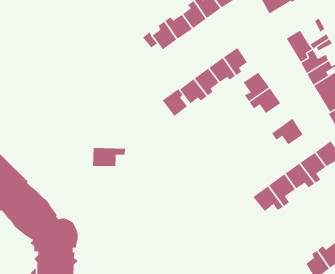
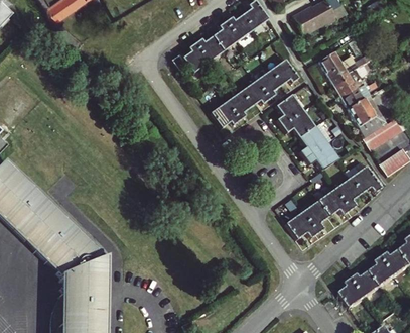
building: none -> [271,58,299,84]
building: [162,88,188,117] -> none
building: none -> [299,126,327,157]
building: [93,147,126,167] -> none

